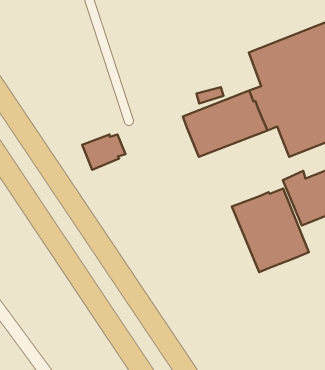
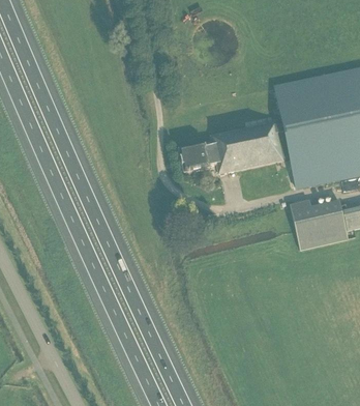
building: [82,134,125,170] -> [180,144,217,173]
building: [232,188,309,272] -> none

